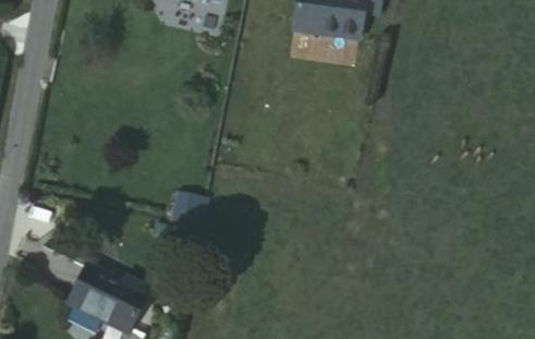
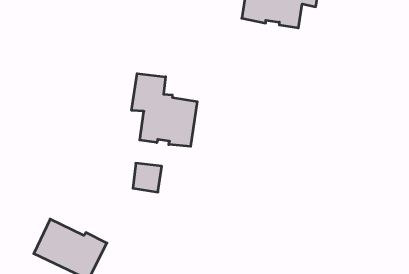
building: none -> [132,74,197,146]

